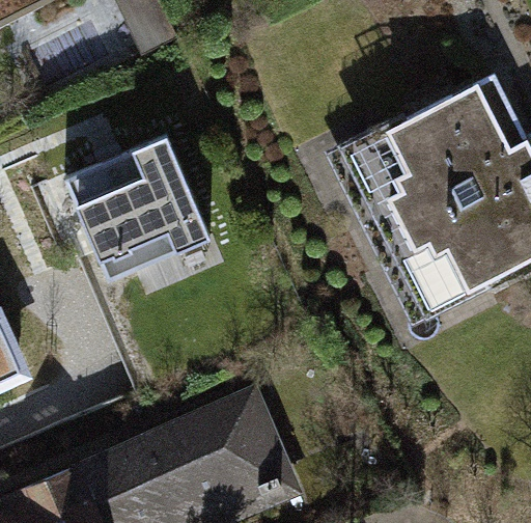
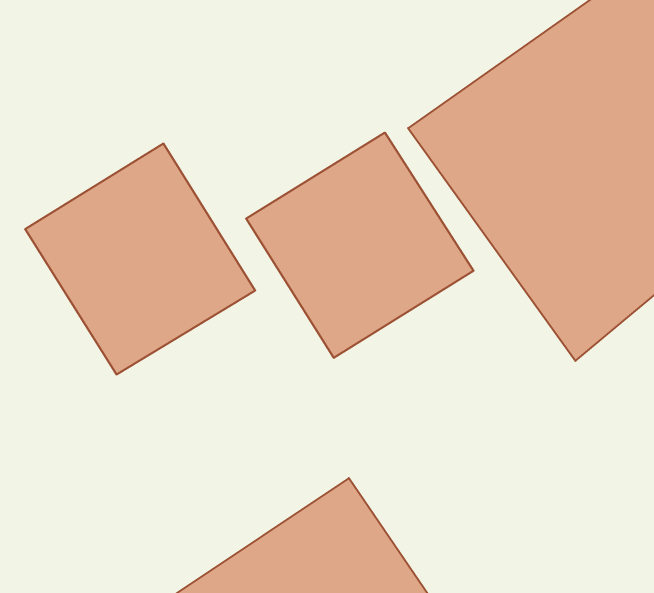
building: none -> [246,133,474,358]

